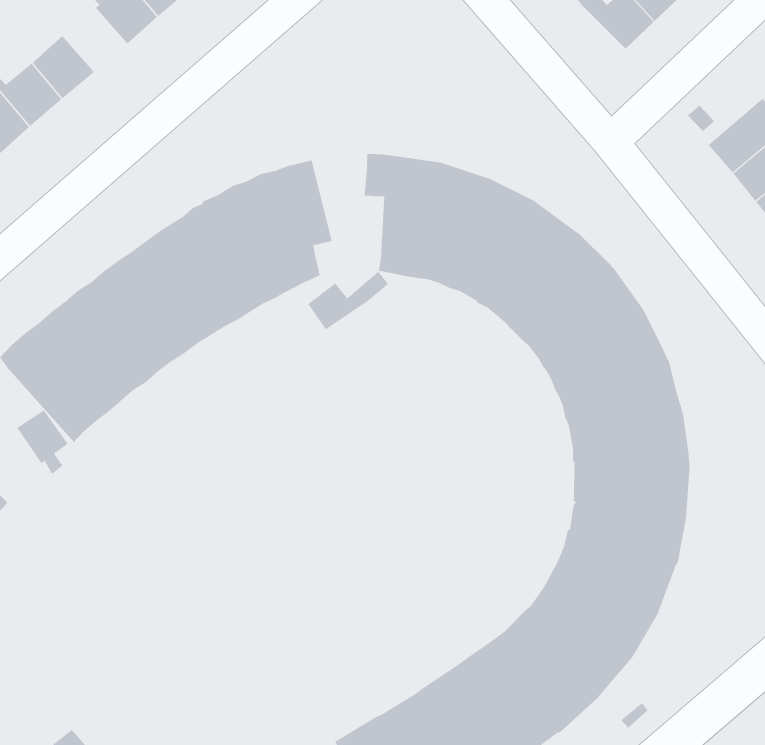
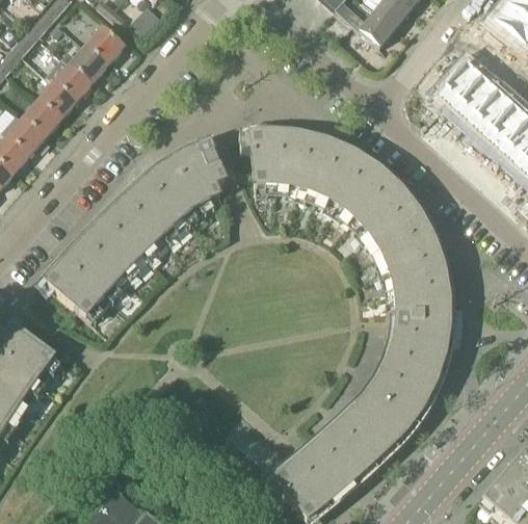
building: none -> [51,63,89,101]
building: [307,271,389,330] -> none
building: [16,409,69,475] -> none

